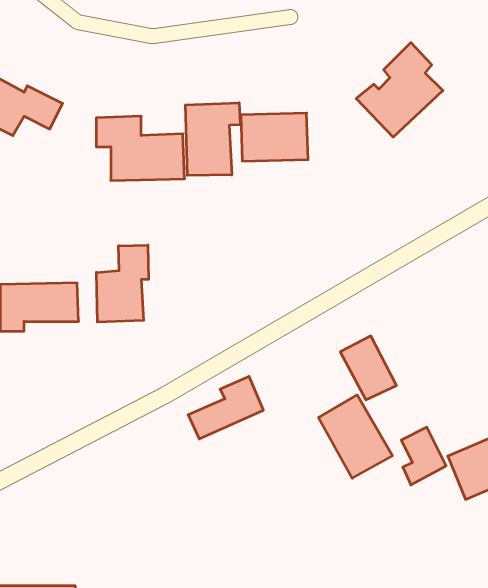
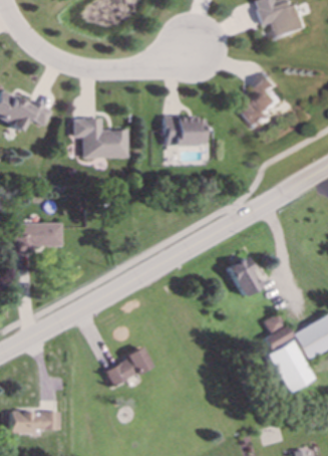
building: [186,103,240,175] -> none
building: [96,245,149,322] -> none
building: [188,376,263,439] -> [104,346,151,385]
building: [319,395,392,478] -> [268,339,314,392]

